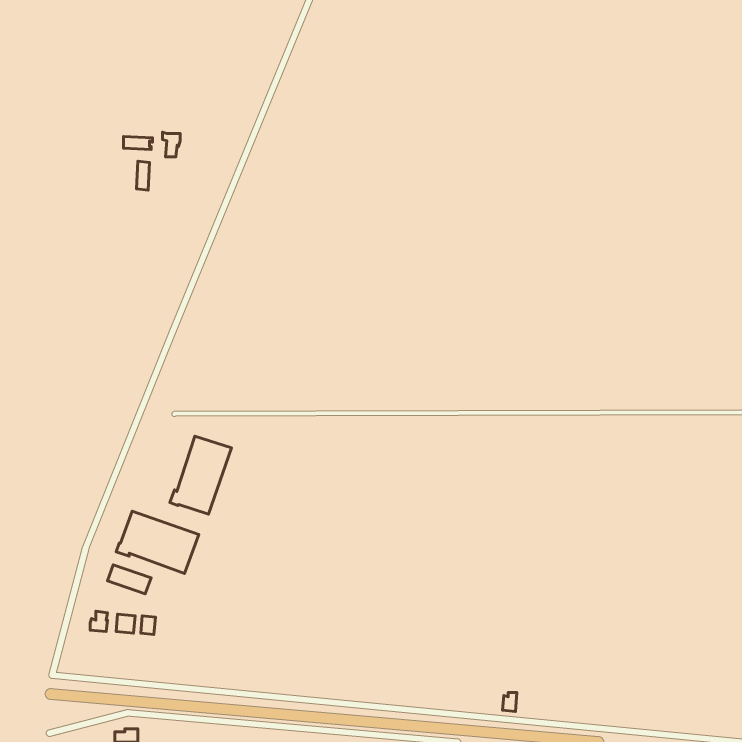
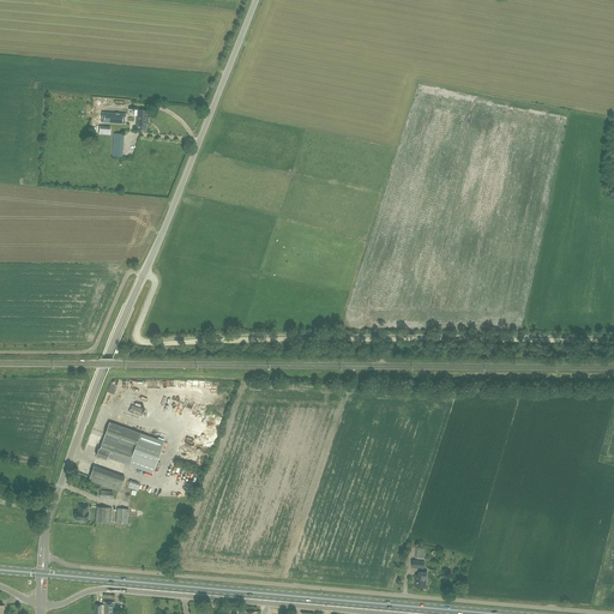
building: [170,436,232,514] -> none

